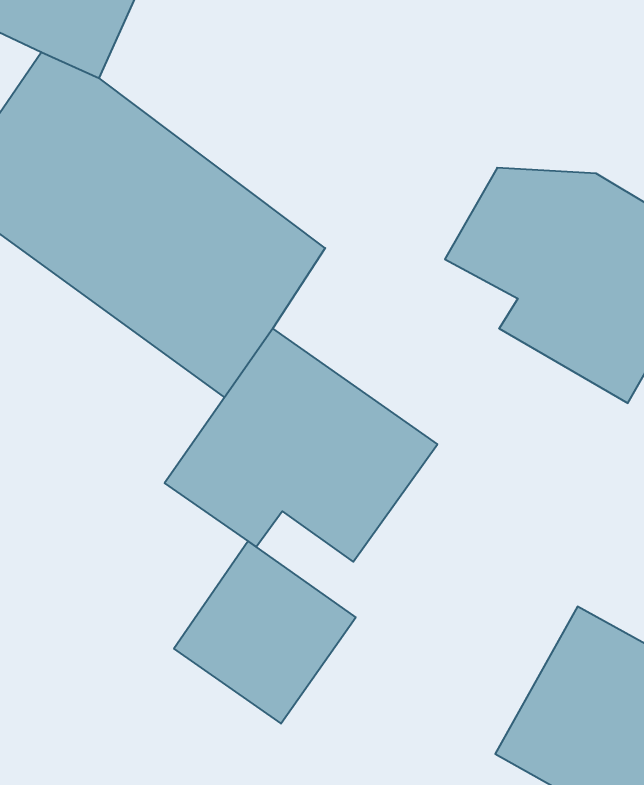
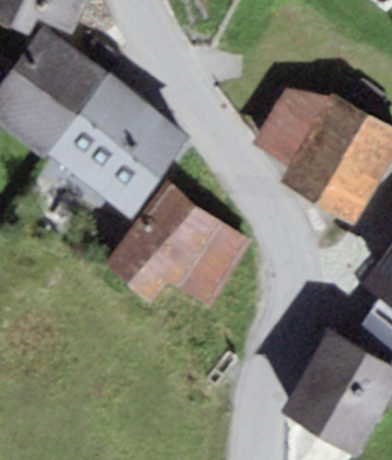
building: [174,541,356,724] -> none

